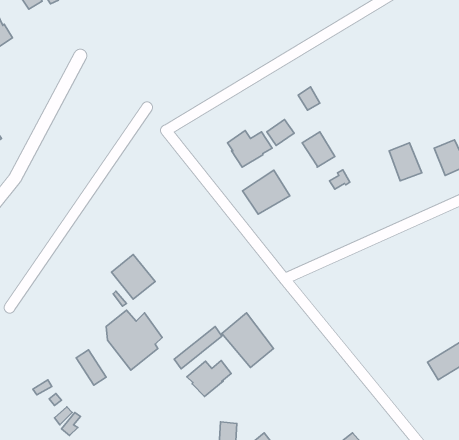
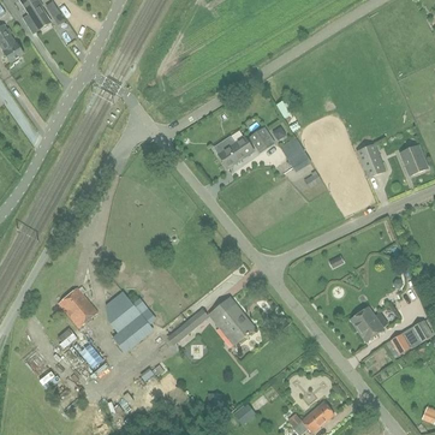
building: [243,170,290,214] -> none
building: [111,254,155,299] -> [59,286,97,326]
building: none -> [351,306,383,340]
building: [187,361,231,397] -> none

